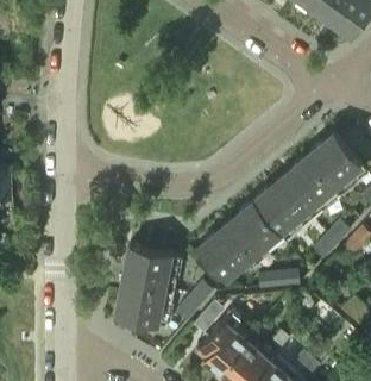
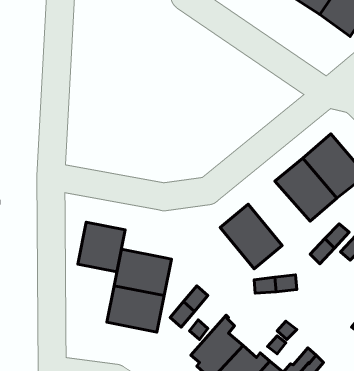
building: [252,179,313,242] -> none
building: none -> [78,222,125,272]
building: [197,224,258,287] -> none

